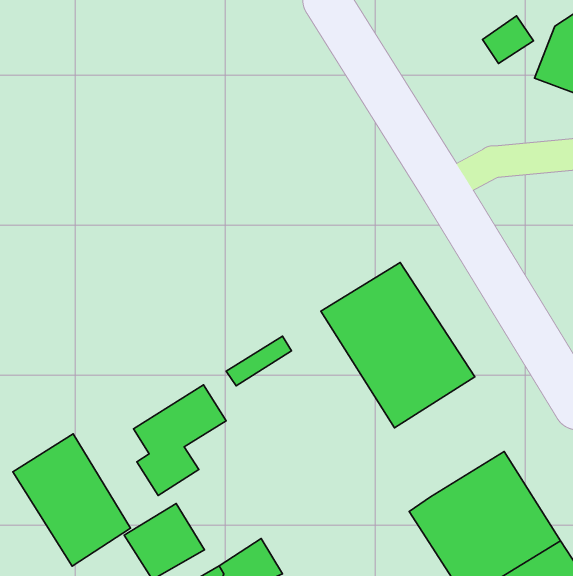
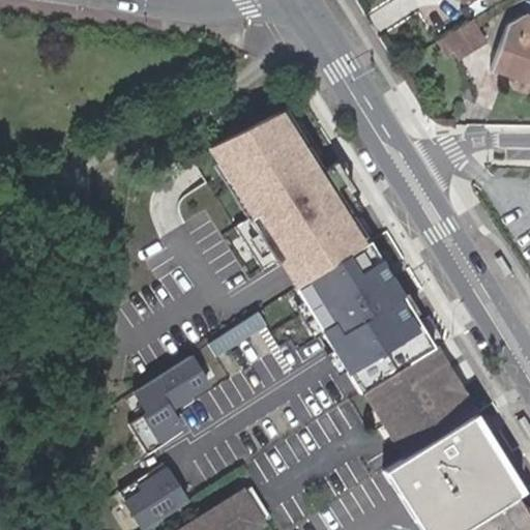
building: none -> [210,110,371,287]
building: none -> [365,347,477,457]
building: [13,434,131,566] -> none

